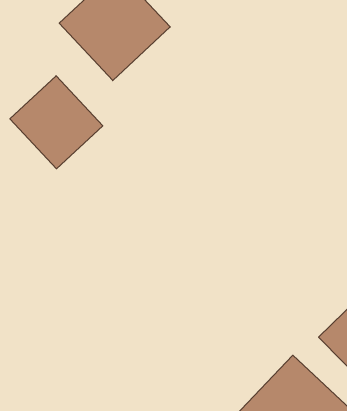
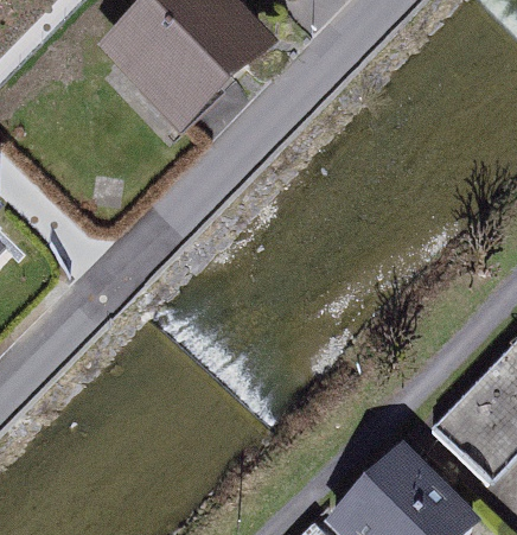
building: [10,76,103,169] -> none

